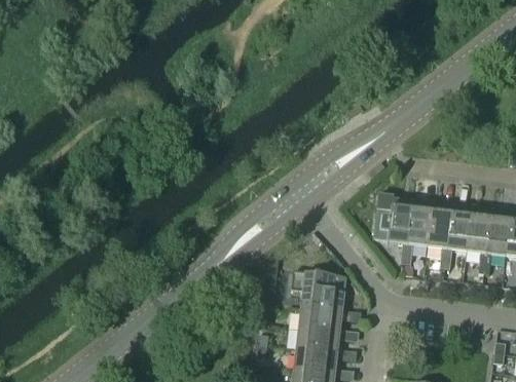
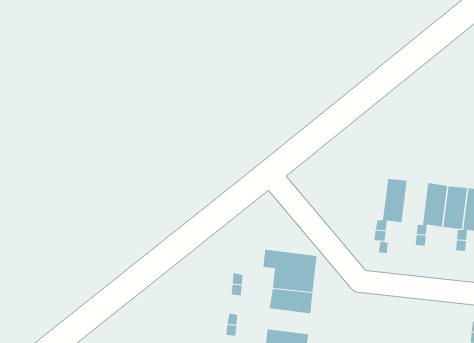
building: [374,196,414,244] -> none
building: [429,206,453,250] -> none
building: [297,331,340,355] -> none

